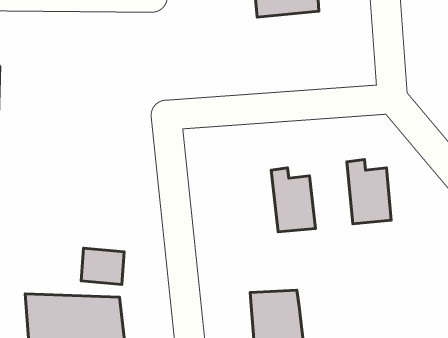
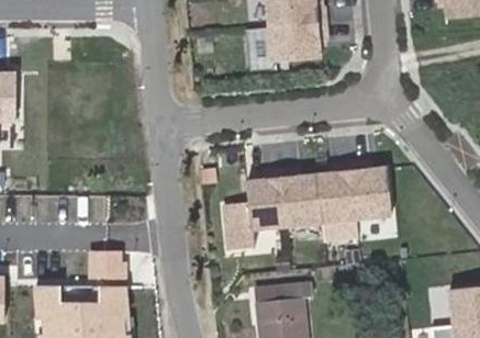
building: none -> [260,22,321,63]
building: none -> [310,164,350,226]
building: none -> [215,171,280,249]

